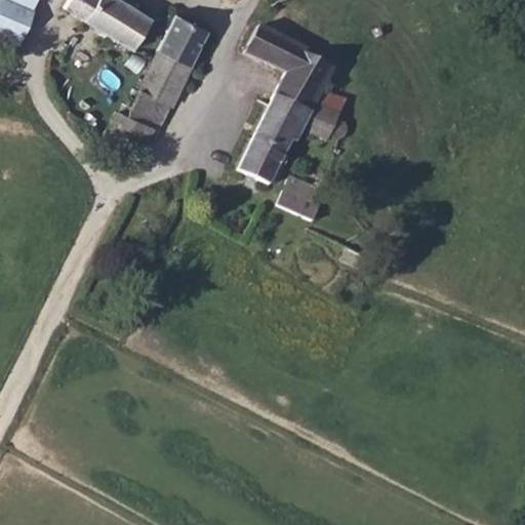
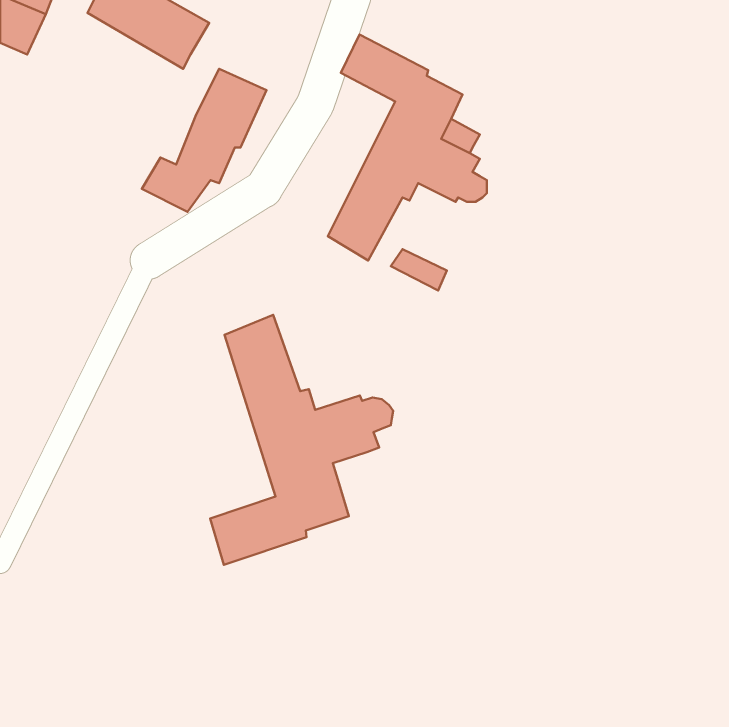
building: [159,13,209,65] -> none
building: none -> [210,315,393,565]

